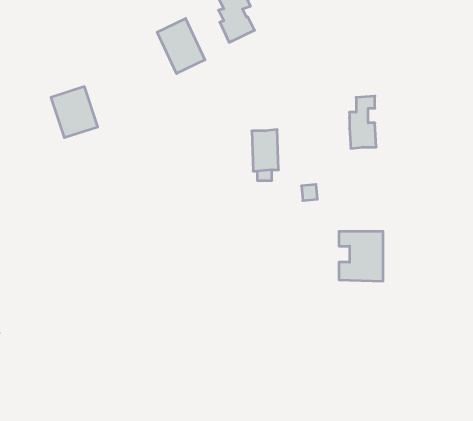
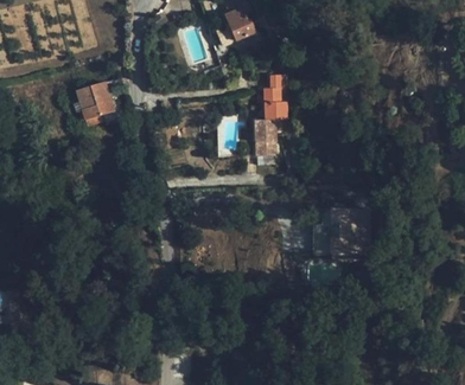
building: [157,18,205,74] -> none
building: [349,96,376,148] -> [265,73,288,120]

